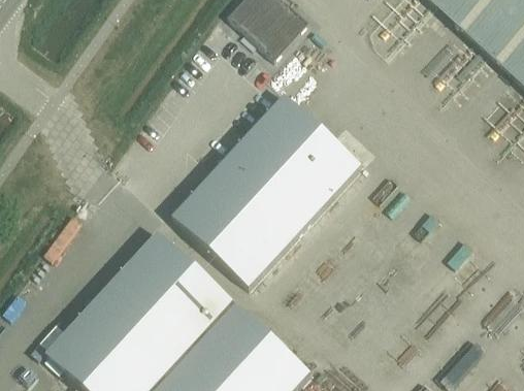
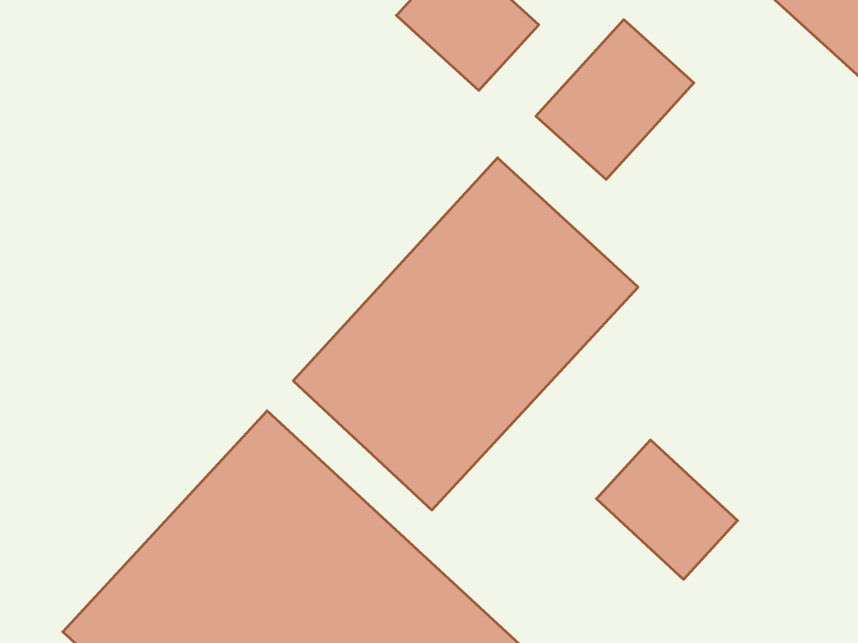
building: none -> [536,20,694,179]
building: none -> [596,440,738,579]

